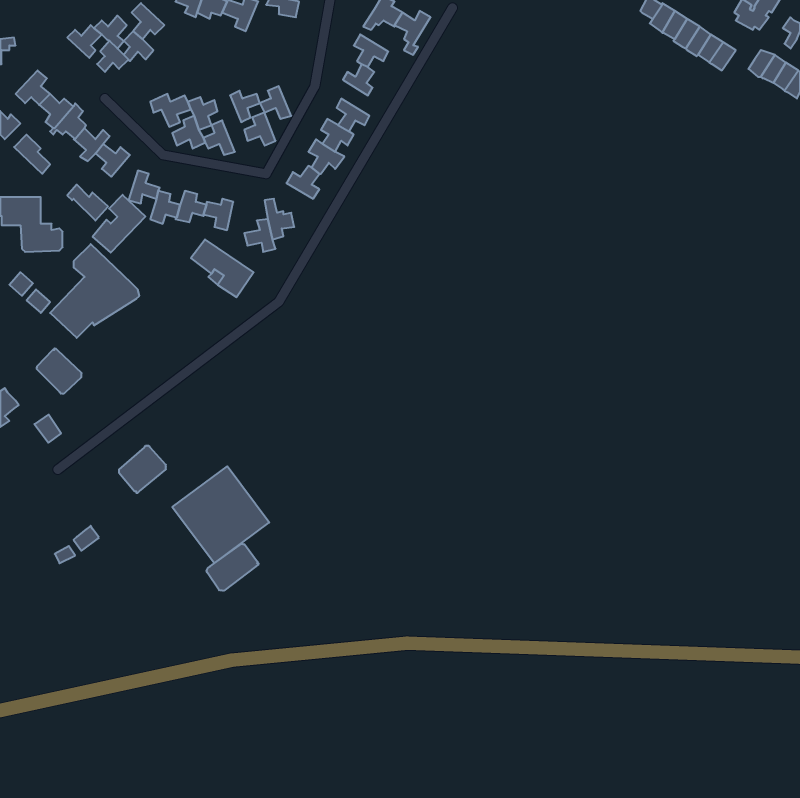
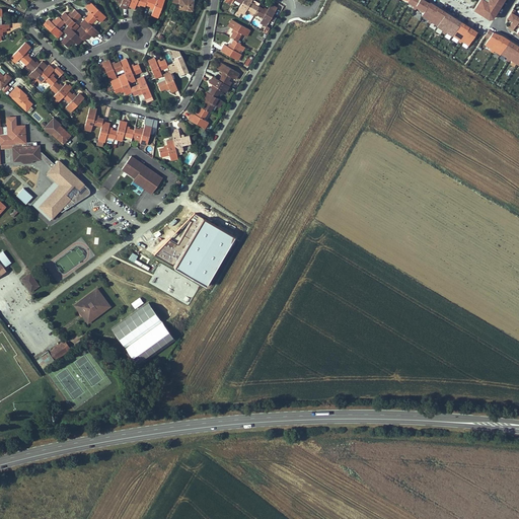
building: [93,195,145,253] -> none
building: none -> [154,212,234,285]
building: [37,348,81,394] -> none
building: [207,544,259,591] -> none

